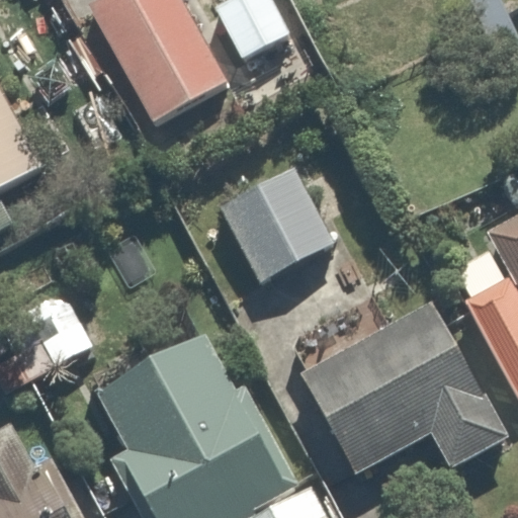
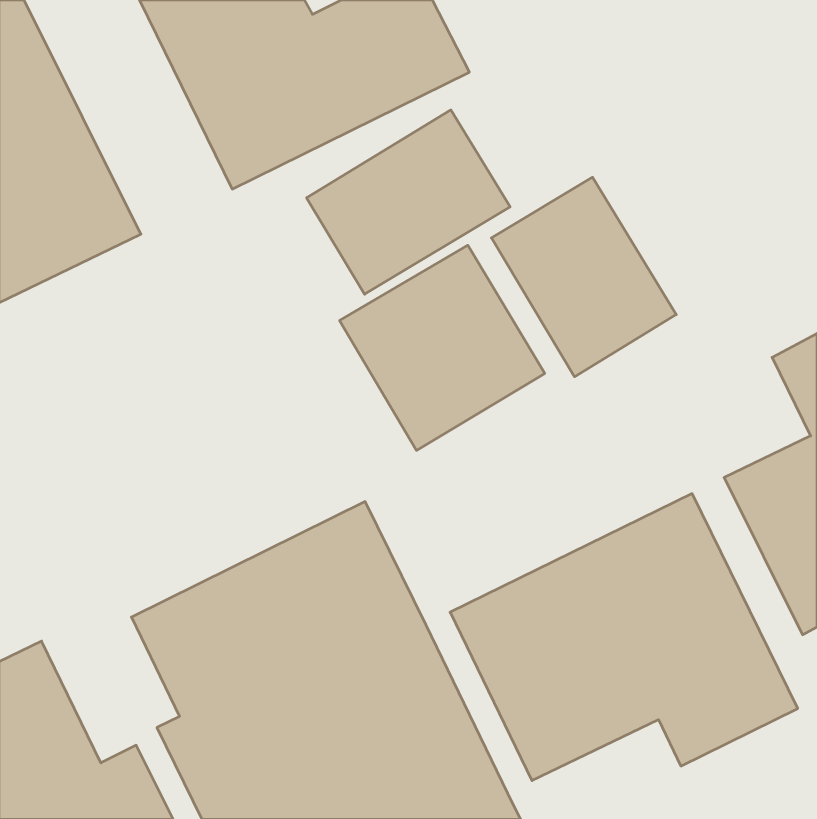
building: none -> [307,110,510,294]
building: none -> [491,177,676,377]

